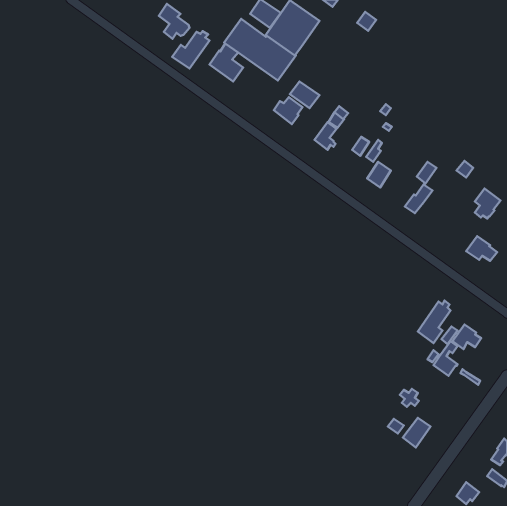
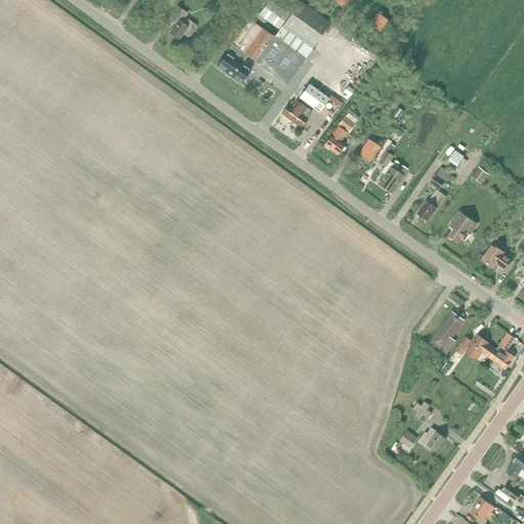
building: [172,31,209,69] -> none
building: [475,189,501,218] -> [450,212,477,243]
building: [434,341,457,376] -> [490,334,515,369]

